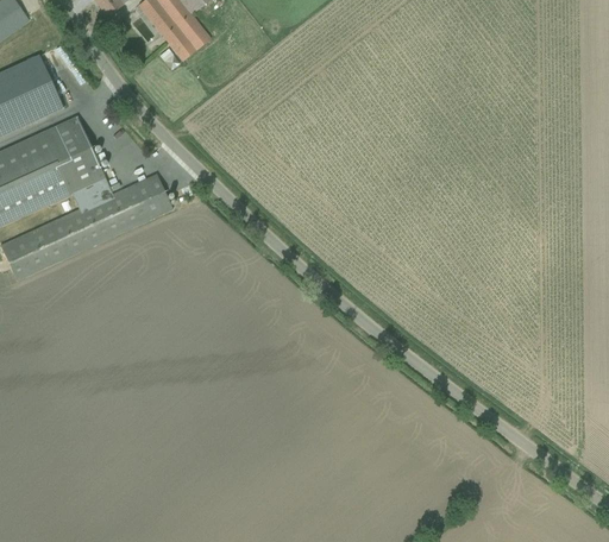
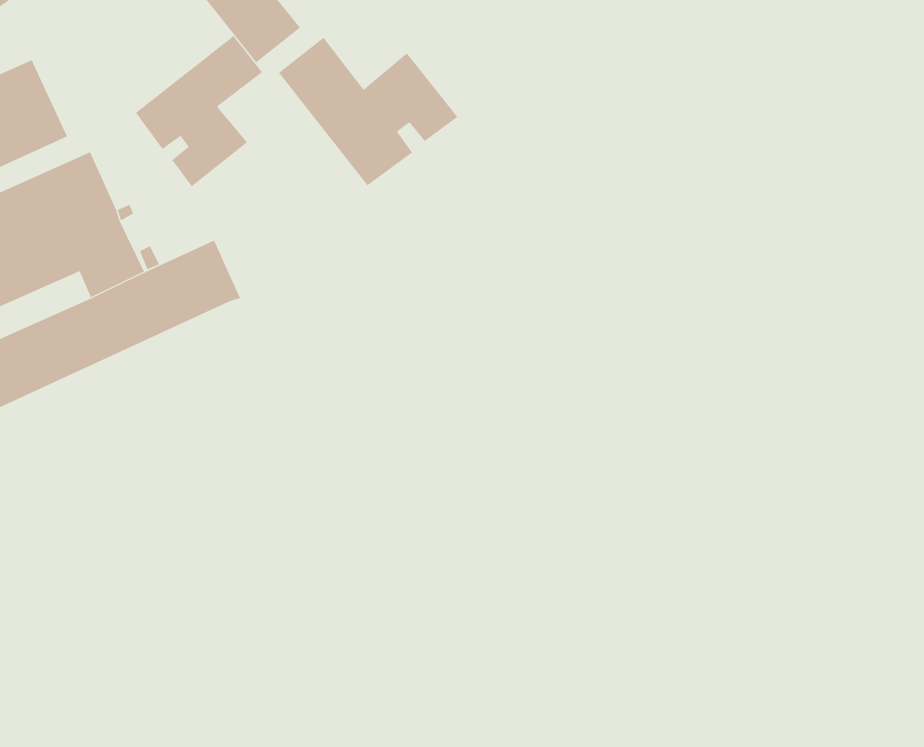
building: none -> [135,35,263,187]
building: none -> [278,37,458,186]

